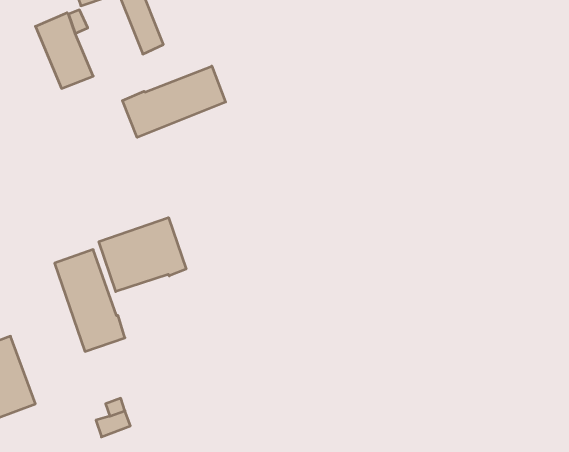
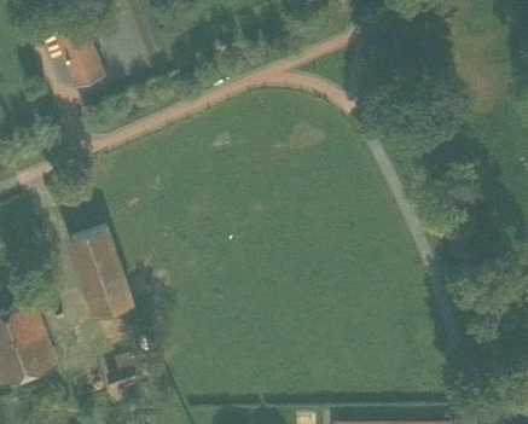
building: [122,66,226,137] -> none
building: [99,218,186,292] -> none

